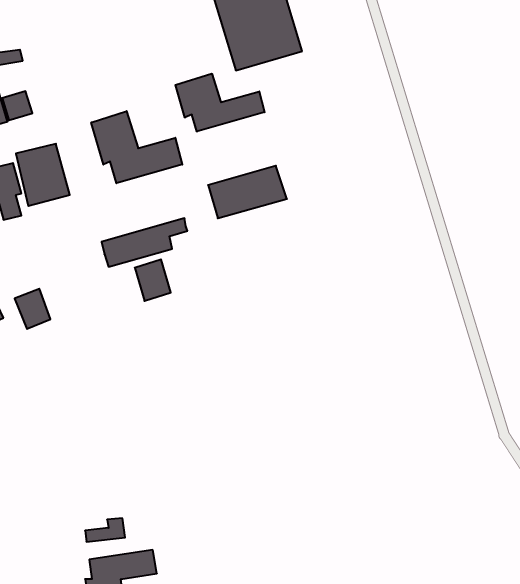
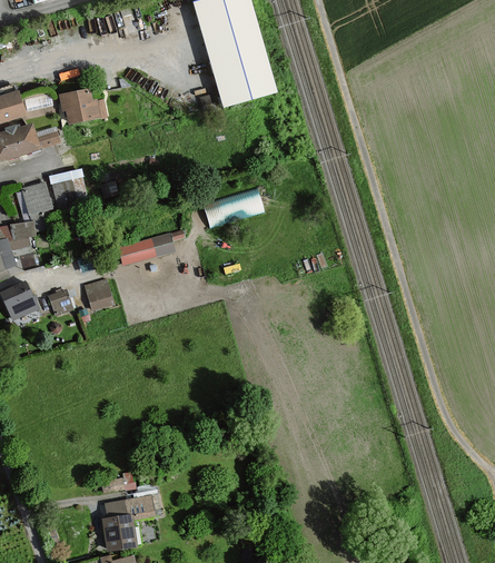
building: none -> [59,88,106,122]
building: [175,74,265,132] -> none
building: [91,111,182,183] -> none
building: [135,259,171,301] -> [83,277,112,310]

